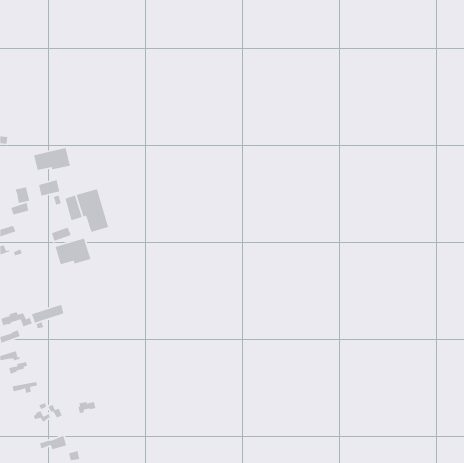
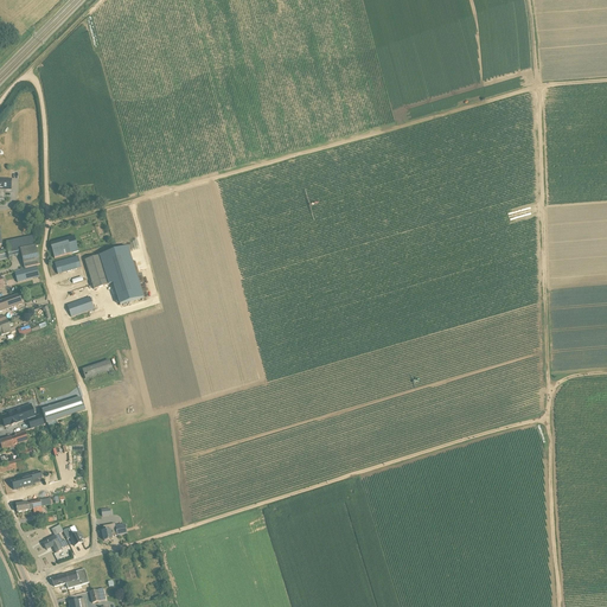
building: [33,147,71,171] -> none
building: [55,237,92,265] -> none

